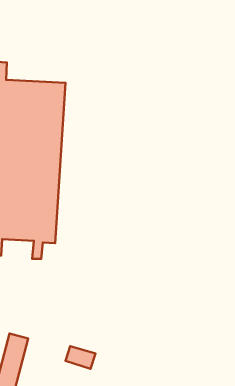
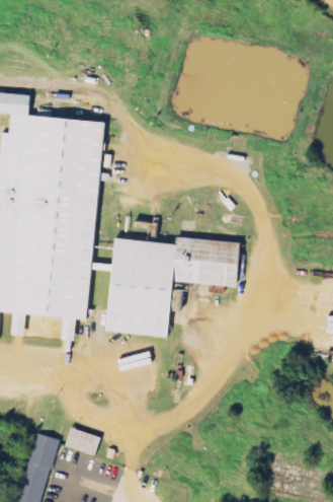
building: none -> [106,233,242,337]
building: [65,346,95,369] -> [61,427,98,455]

